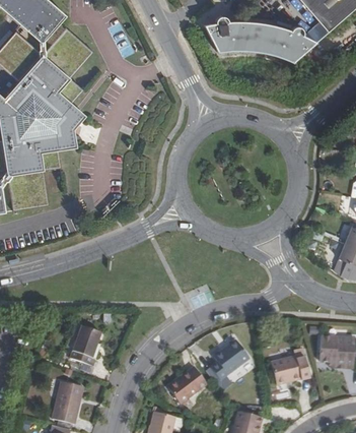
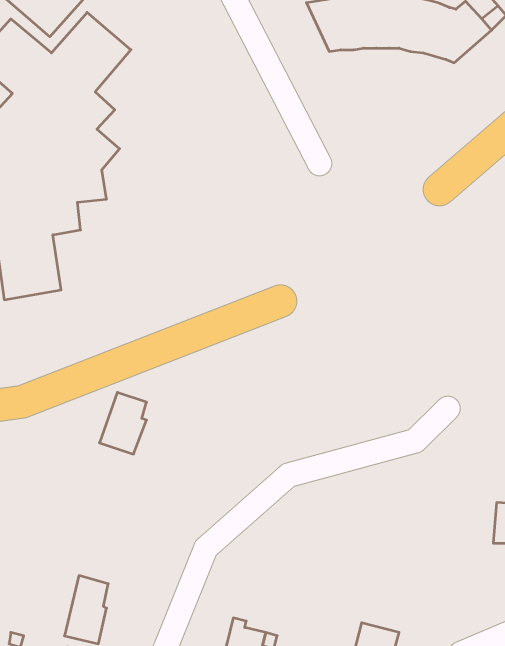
building: [69,326,98,365] -> [99,392,147,454]
building: [211,342,250,381] -> none
building: [270,350,307,385] -> none
building: [166,365,205,403] -> none

